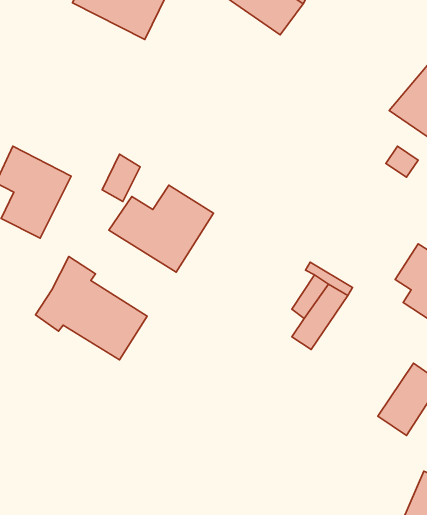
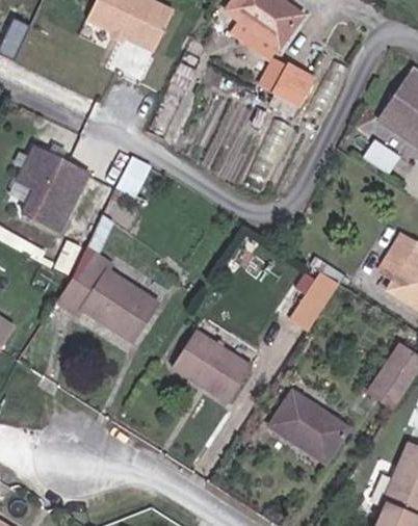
building: none -> [272,63,313,107]
building: [109,185,213,272] -> none
building: none -> [172,330,252,402]
building: none -> [269,392,346,462]

